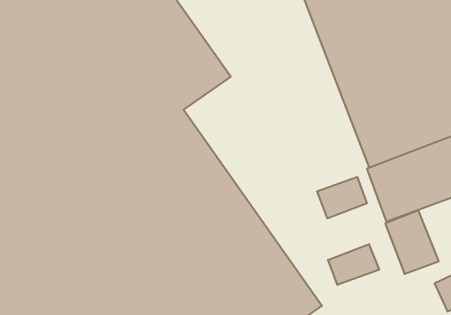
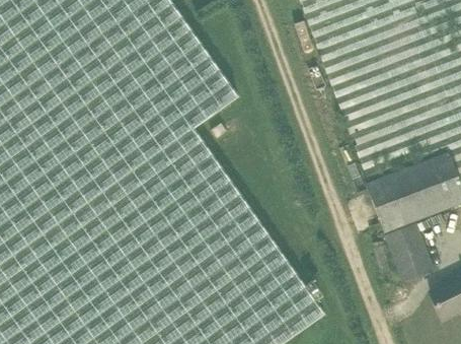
building: [317,177,367,218] -> none
building: [328,244,379,285] -> none

